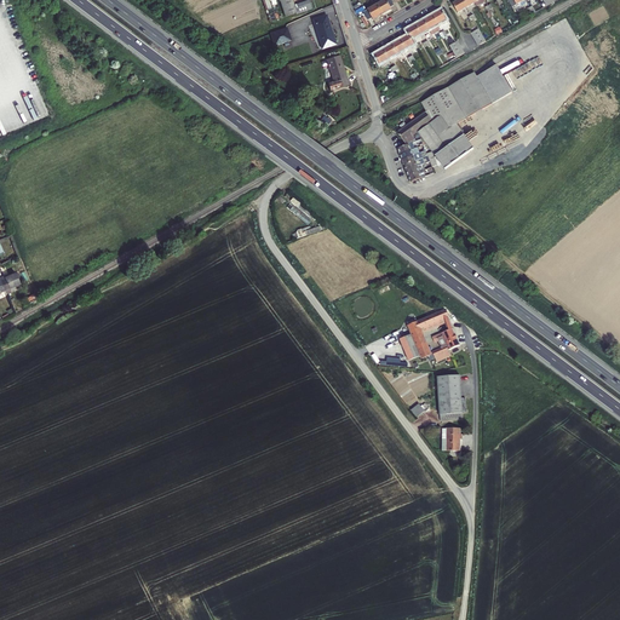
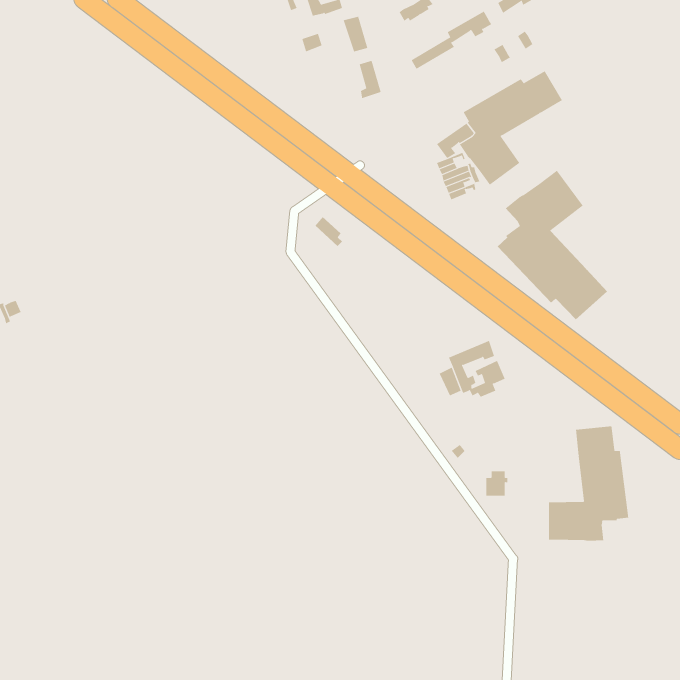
building: none -> [497,170,608,320]
building: [436,374,461,420] -> none
building: none -> [549,426,629,541]

